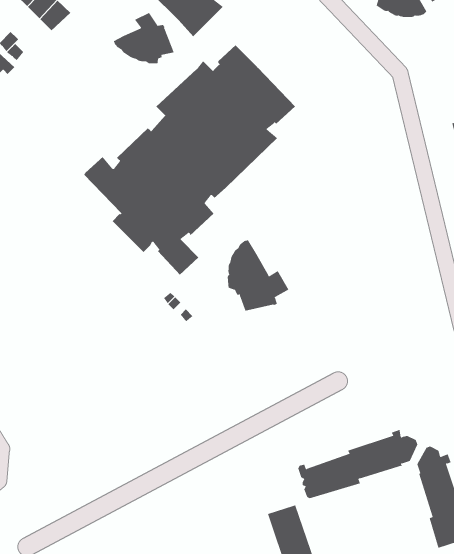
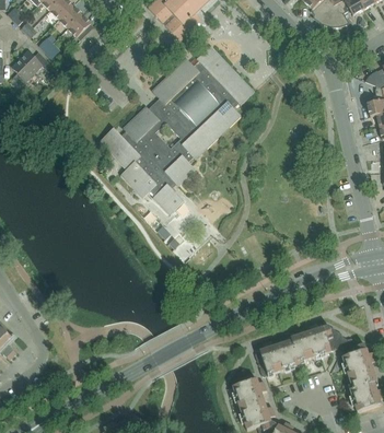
building: [113,12,175,64] -> none
building: [227,239,289,311] -> none

